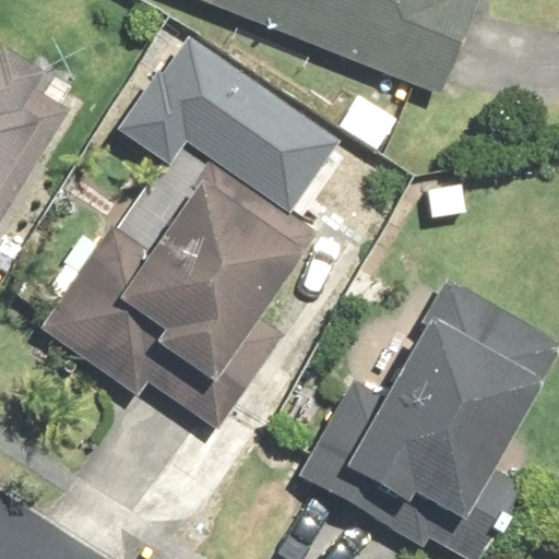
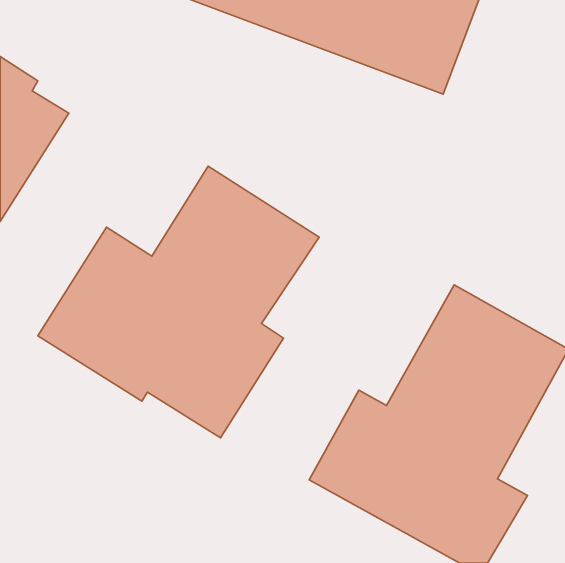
building: [116,24,332,203] -> none

